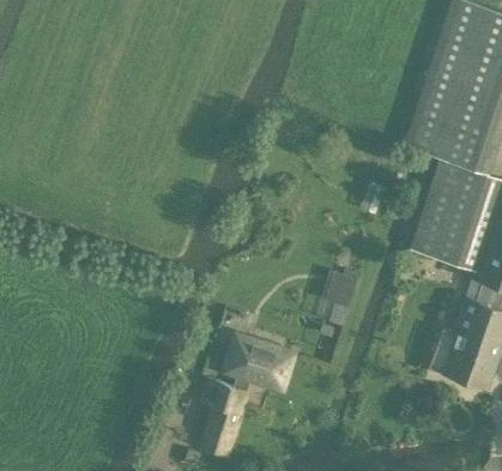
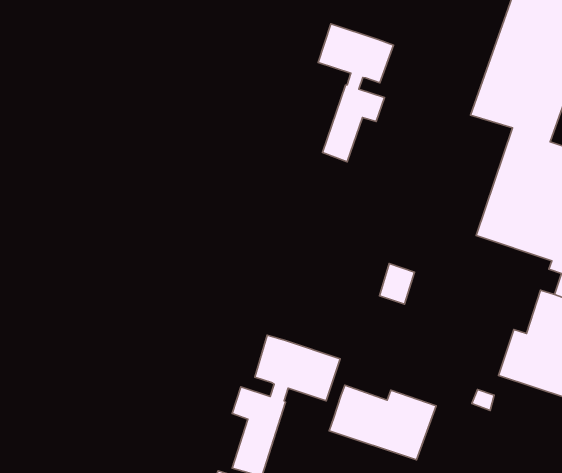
building: none -> [318,24,394,162]
building: none -> [329,385,436,460]

